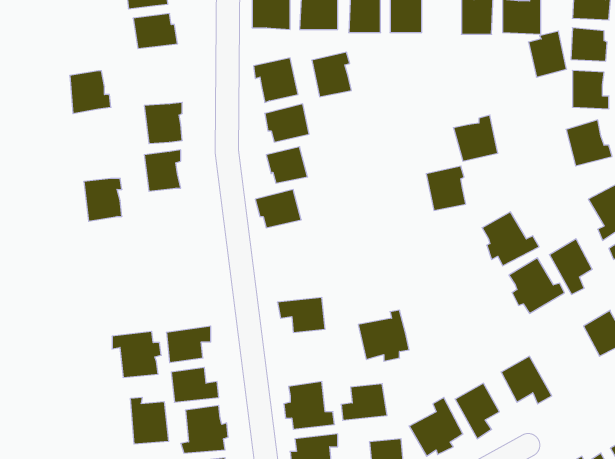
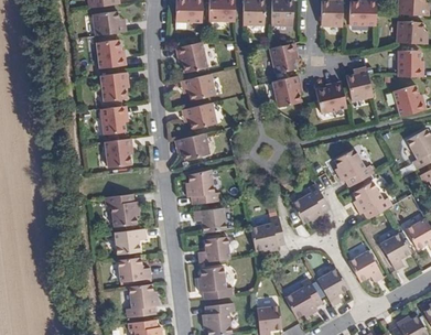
building: [528,31,567,77] -> [346,69,373,101]
building: [312,52,351,97] -> [269,43,297,74]
building: [70,71,111,114] -> [97,40,126,69]
building: [426,166,466,210] -> [273,76,301,107]
building: [84,178,122,221] -> [105,139,131,169]
building: [549,239,592,294] -> [380,231,410,270]
building: none -> [188,170,223,204]
building: none -> [291,184,330,225]
building: [112,331,161,377] -> [105,194,139,226]
building: [341,384,387,420] -> [198,237,230,262]
building: [131,397,169,444] -> none

